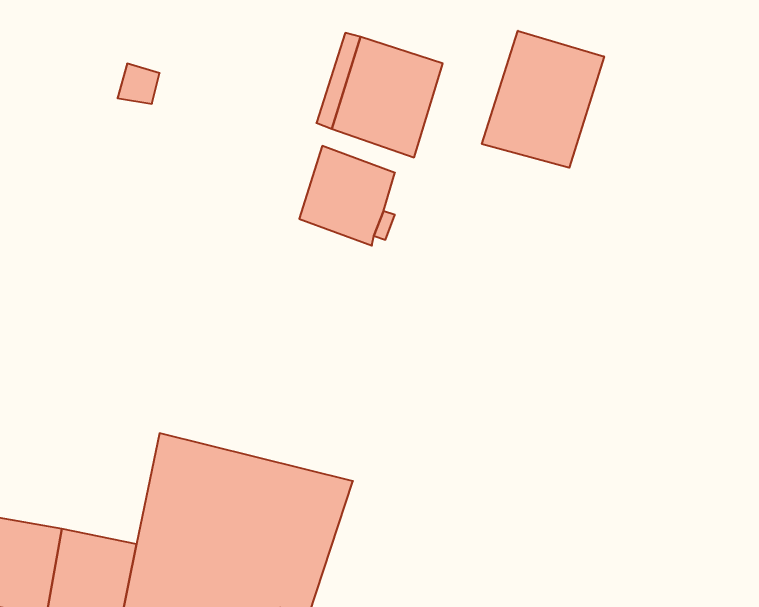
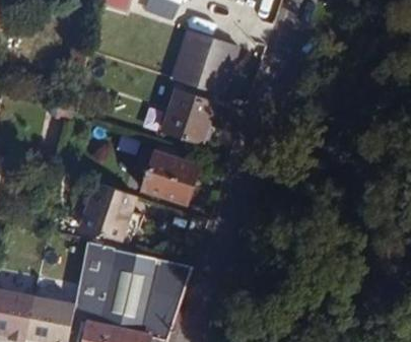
building: [482,31,604,168] -> none
building: none -> [141,152,197,204]
building: none -> [79,183,136,244]

